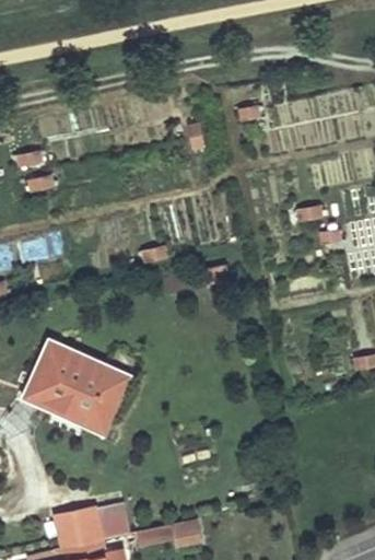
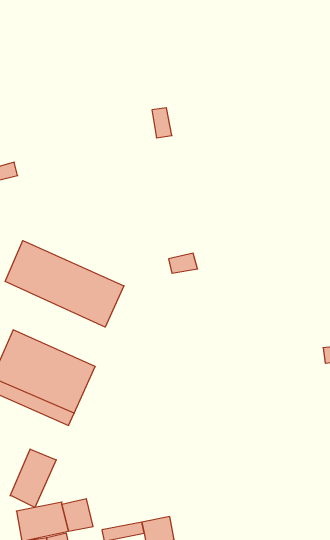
building: none -> [5,241,124,327]
building: none -> [10,449,56,507]

